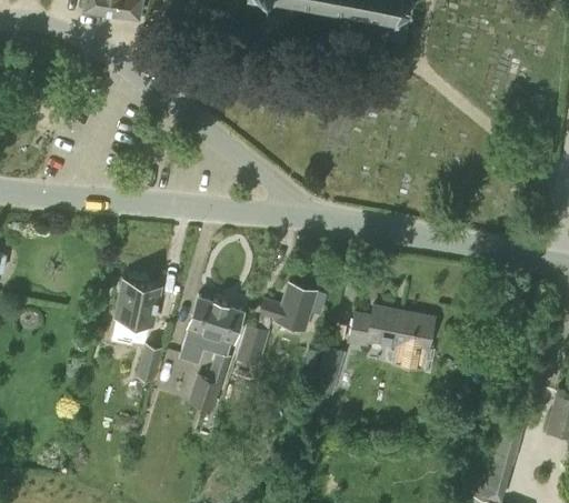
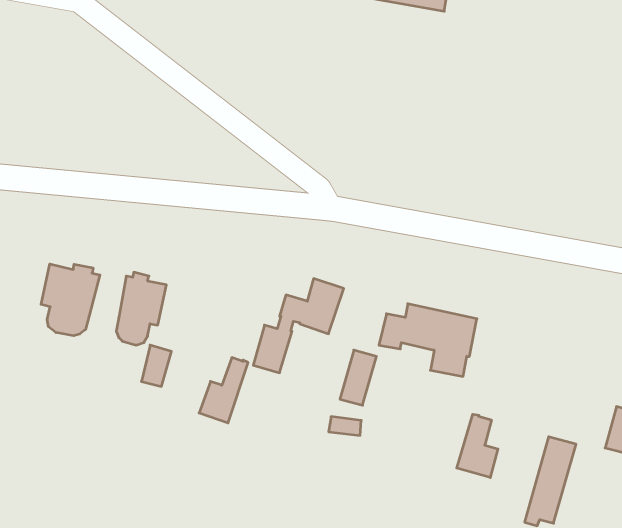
building: none -> [41,264,100,336]
building: [179,293,243,363] -> none
building: none -> [457,414,498,478]

